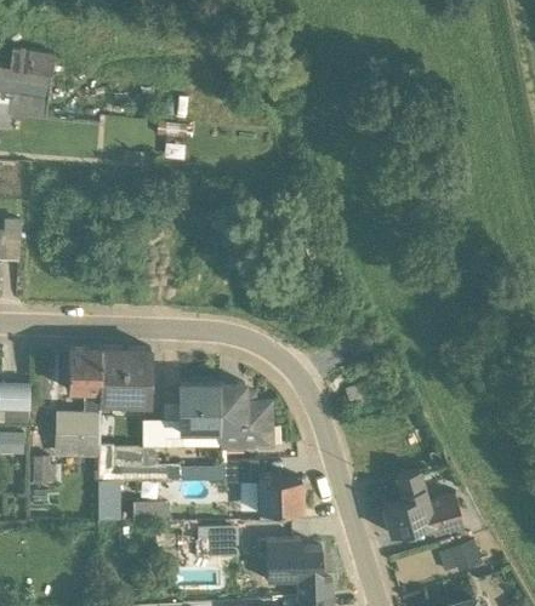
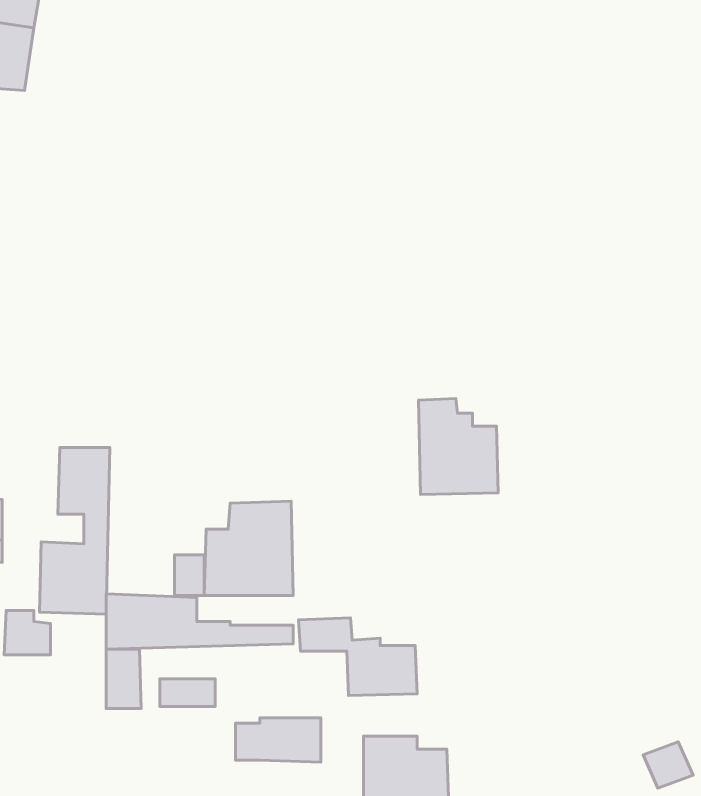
building: [99,349,152,407] -> none
building: [220,383,272,446] -> [419,398,498,495]
building: [383,470,465,536] -> none

